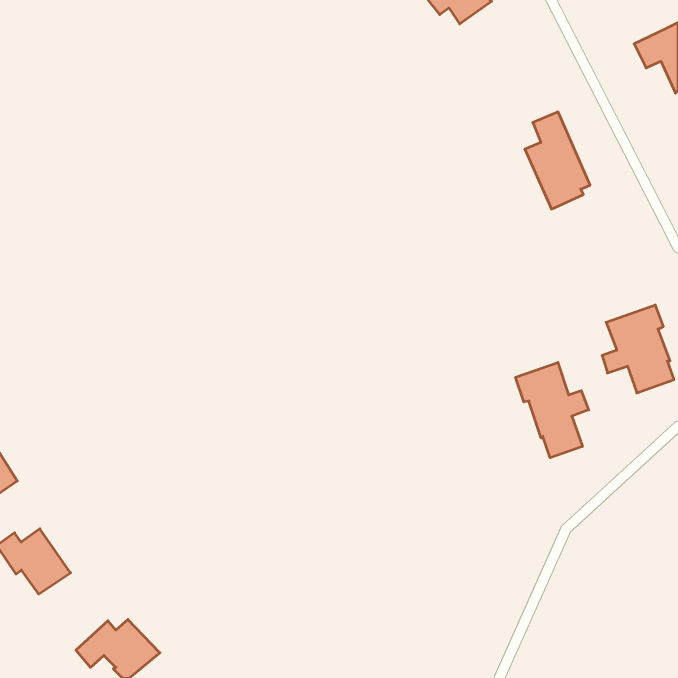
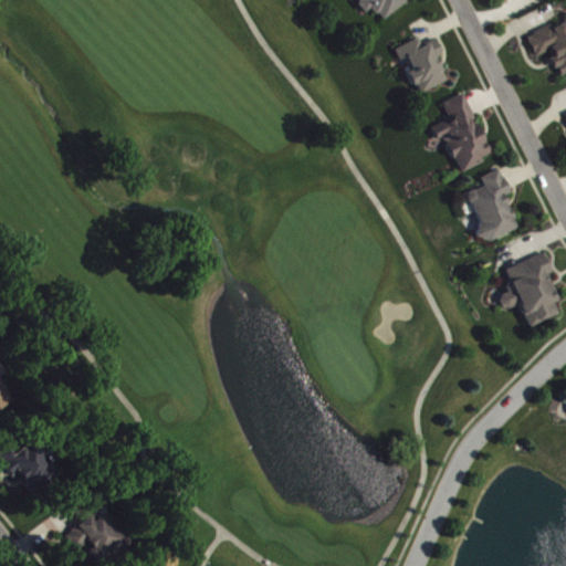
building: none -> [395,38,447,93]
building: none -> [465,168,518,240]
building: [516,362,589,458] -> none

